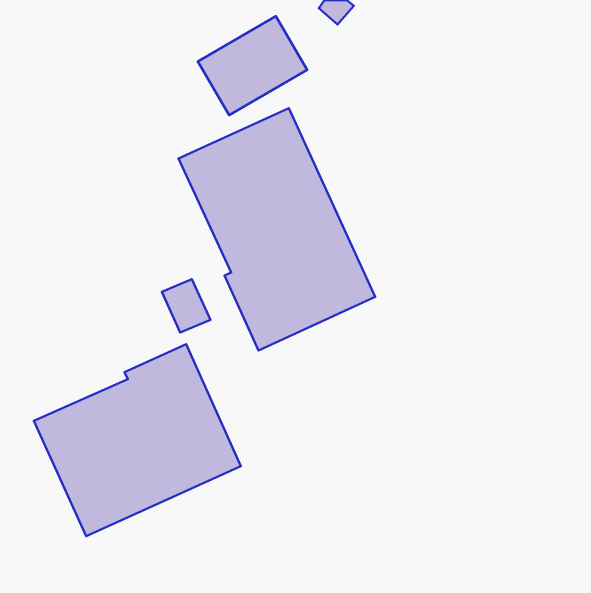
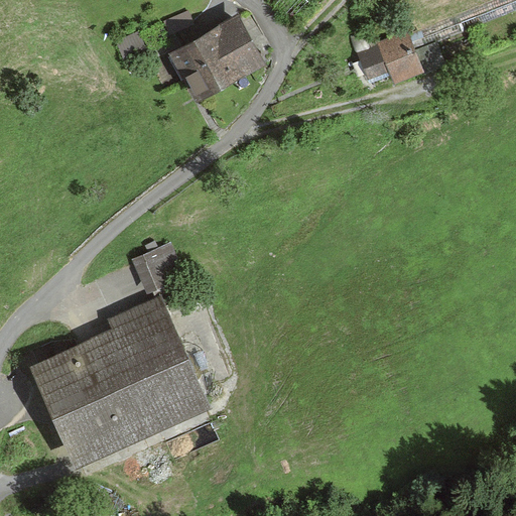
building: none -> [359,33,421,82]
building: [178,108,375,351] -> none

